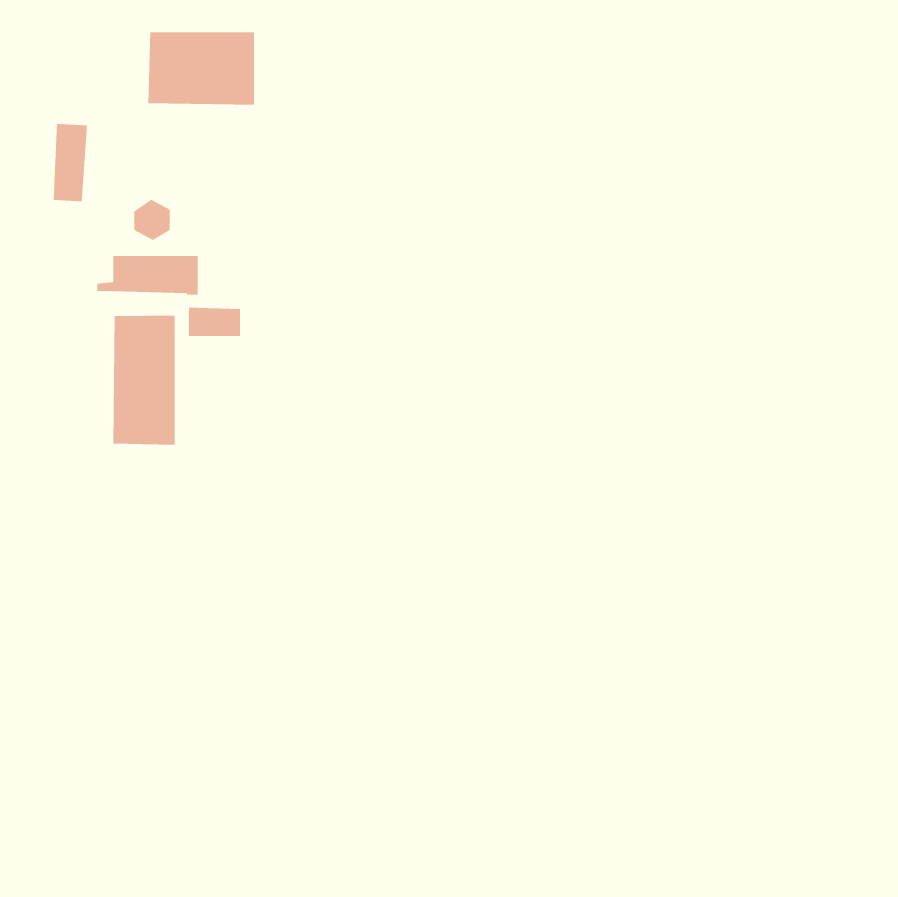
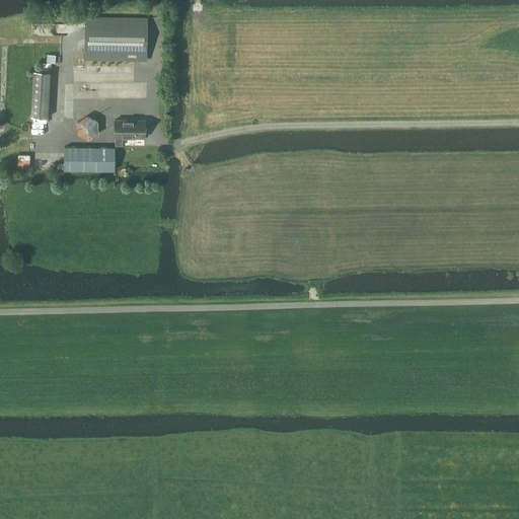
building: [188,307,241,337] -> [115,121,145,138]
building: [112,315,175,446] -> none

